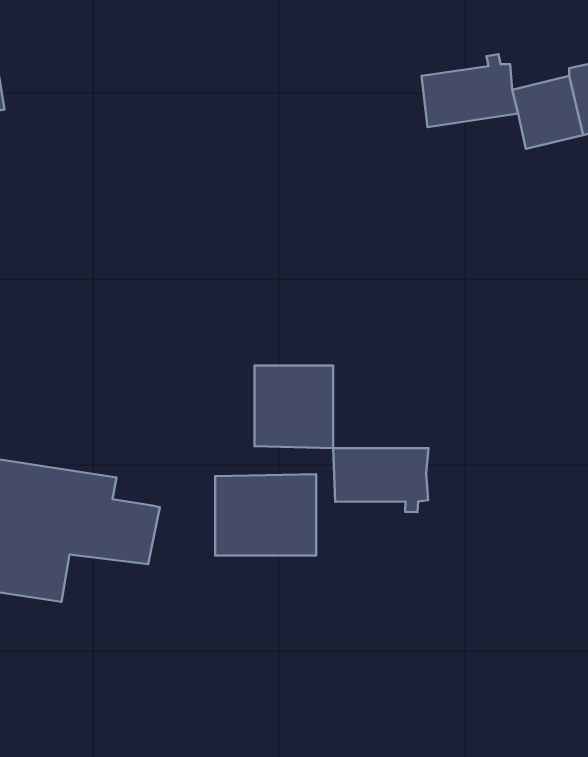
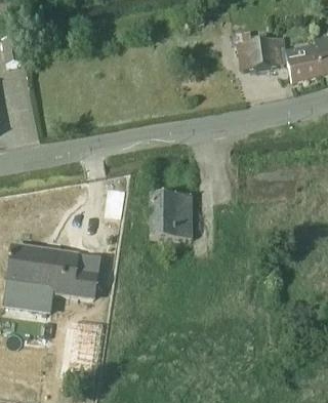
building: [333,448,429,512] -> none
building: [215,474,316,556] -> none

